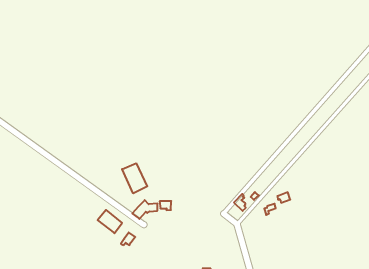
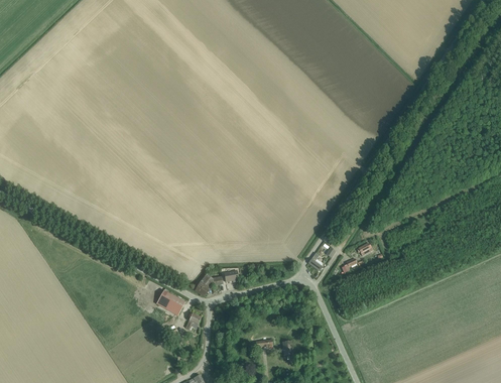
building: [122,163,147,193] -> none

